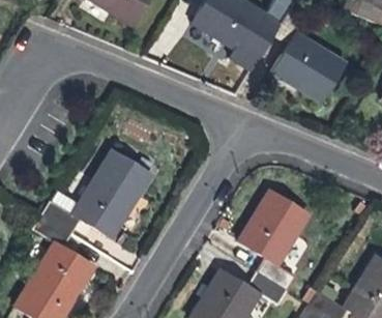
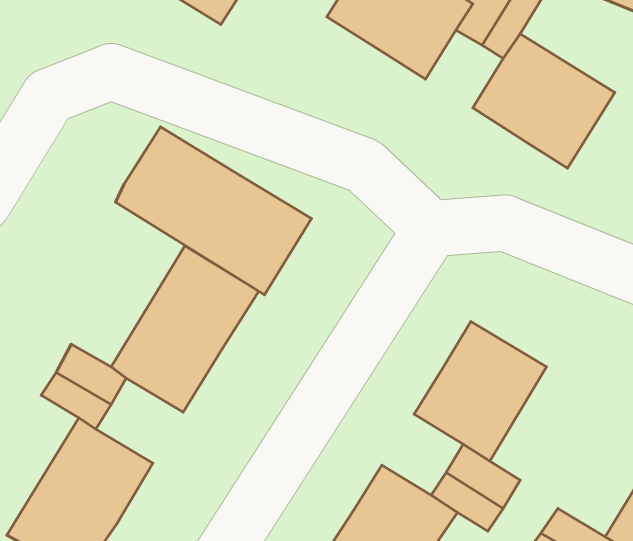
building: none -> [115,127,312,295]

